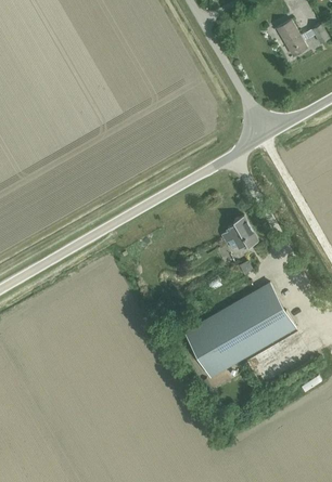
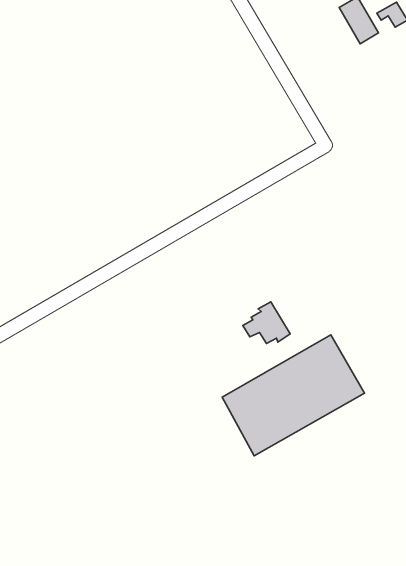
building: [220,217,257,249] -> [243,302,290,344]

